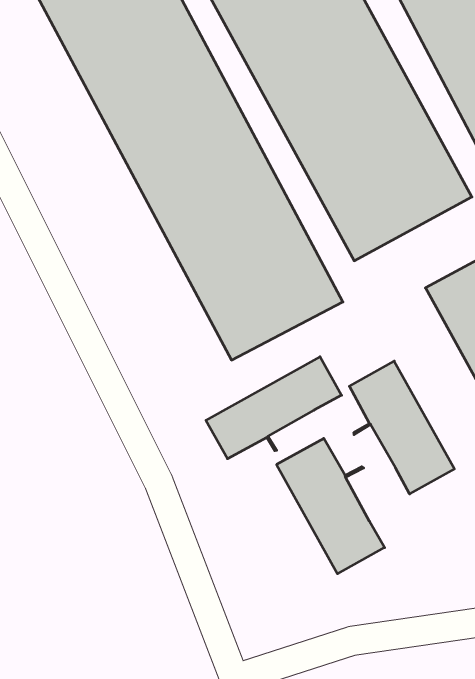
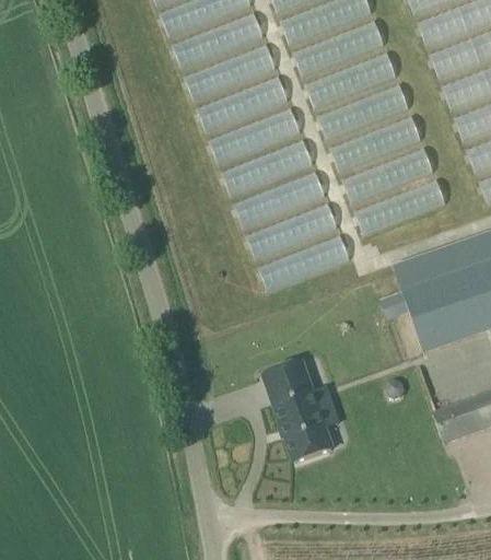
building: [206,357,342,459] -> none
building: [349,361,454,494] -> none

